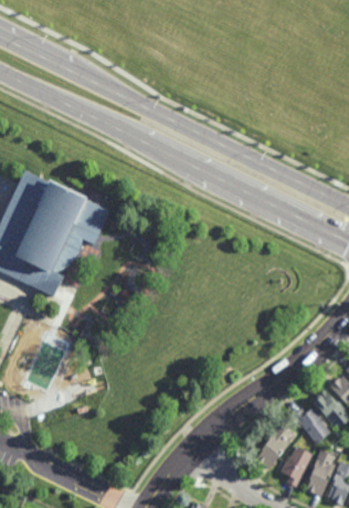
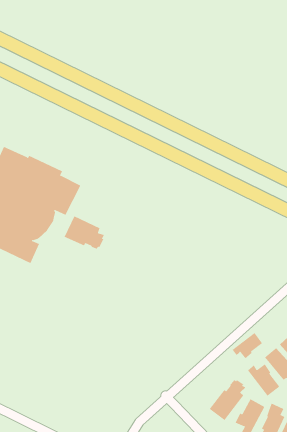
building: none -> [64,216,105,250]
building: none -> [232,332,263,359]

